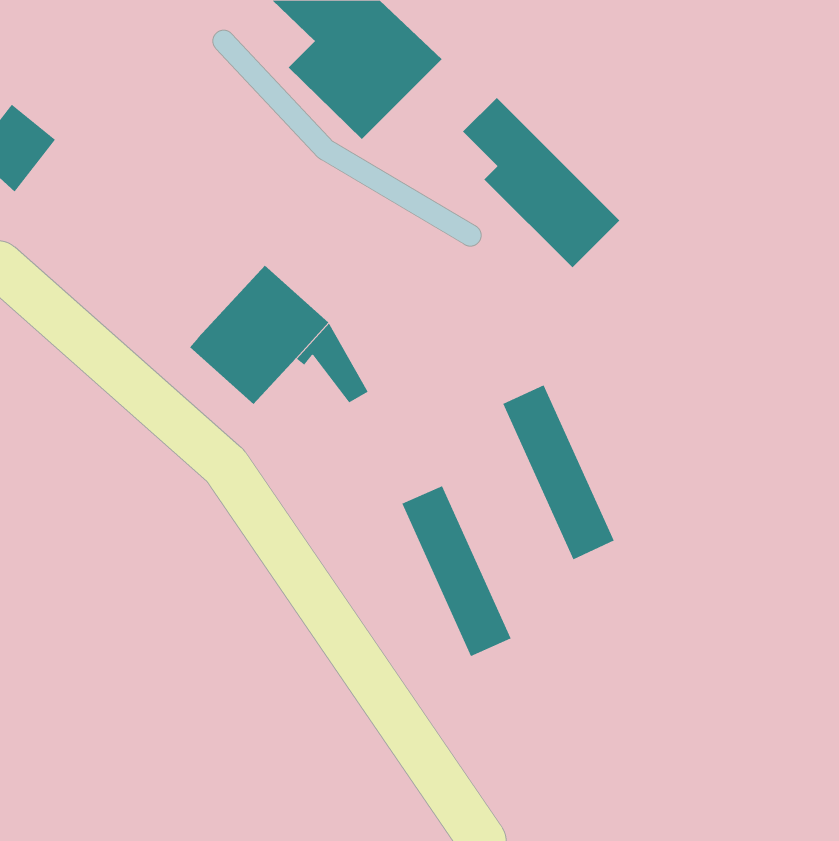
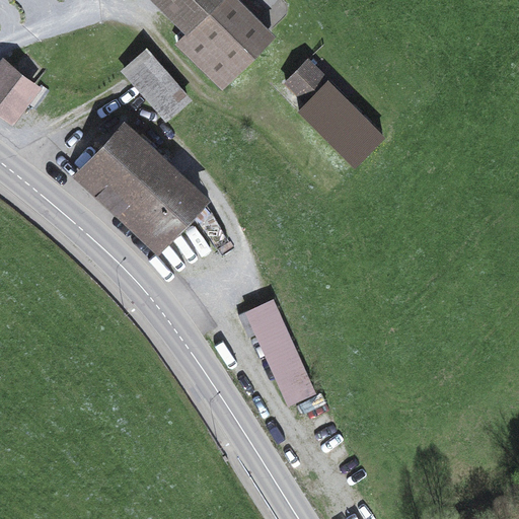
building: none -> [124,54,188,120]
building: none -> [82,127,163,208]
building: [503,384,614,560] -> none

